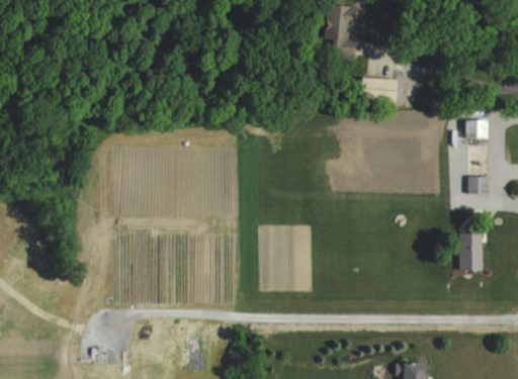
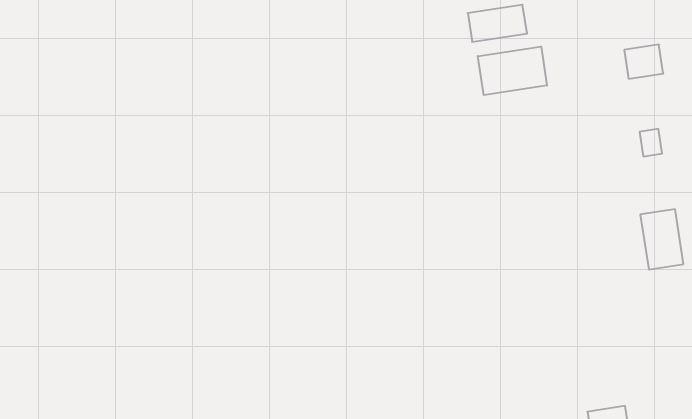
building: none -> [478,46,547,95]

